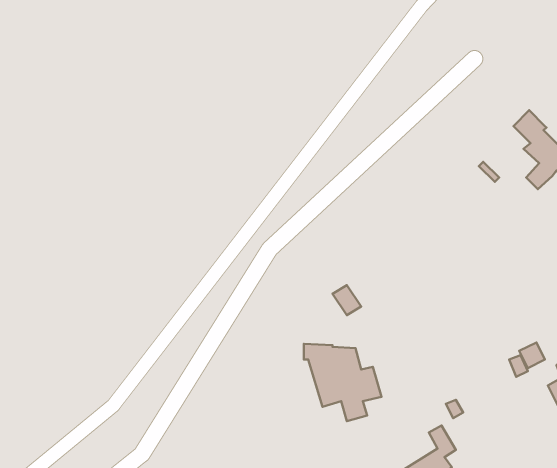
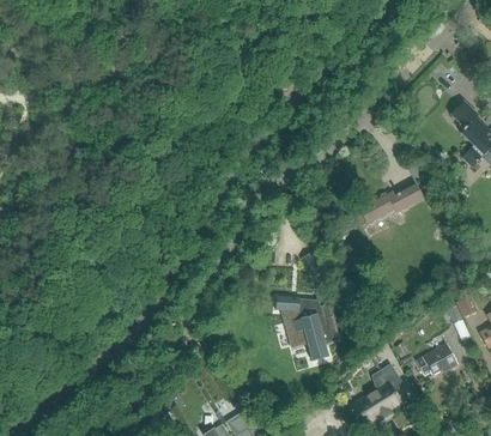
building: none -> [359,184,424,223]
building: none -> [416,343,457,376]

